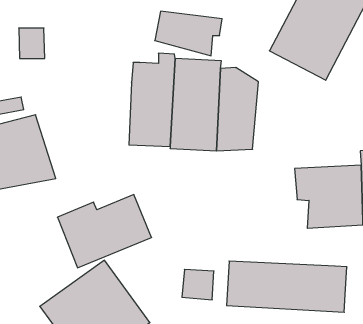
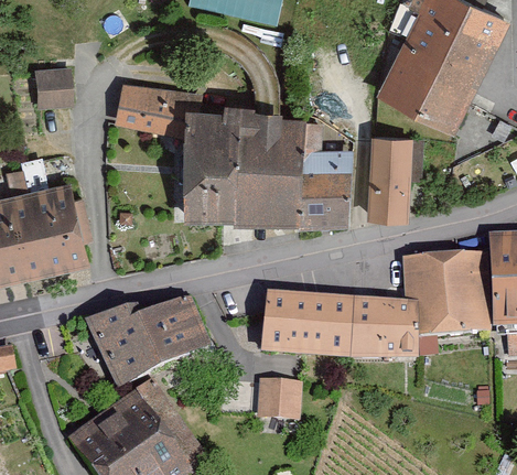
building: [155,11,222,56] -> [115,84,203,142]
building: none -> [366,138,412,224]
building: [227,261,347,312] -> [263,289,421,356]

